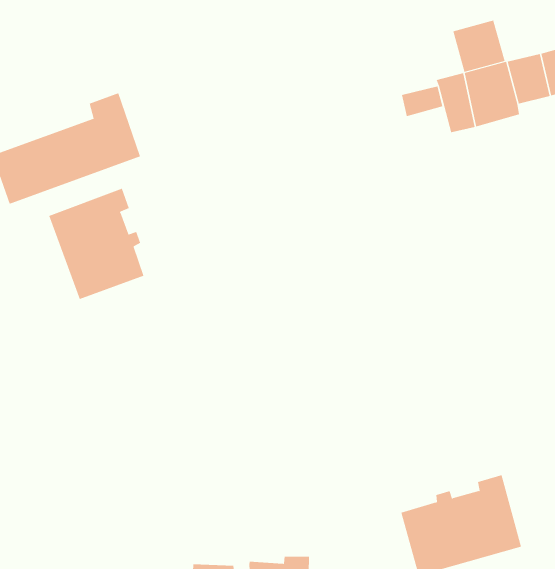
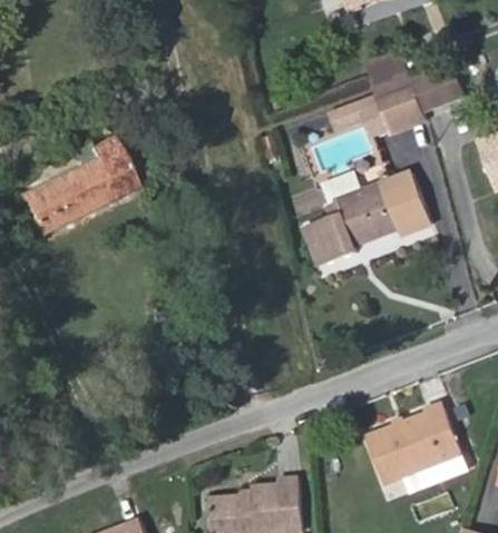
building: none -> [306,172,432,268]
building: [49,188,144,300] -> none

